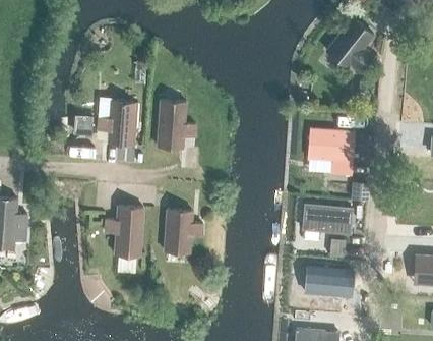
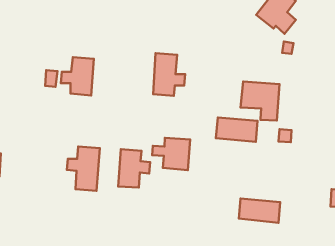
building: [158,100,195,150] -> [153,53,185,96]
building: none -> [152,138,190,170]
building: [303,205,352,233] -> [216,117,258,142]

